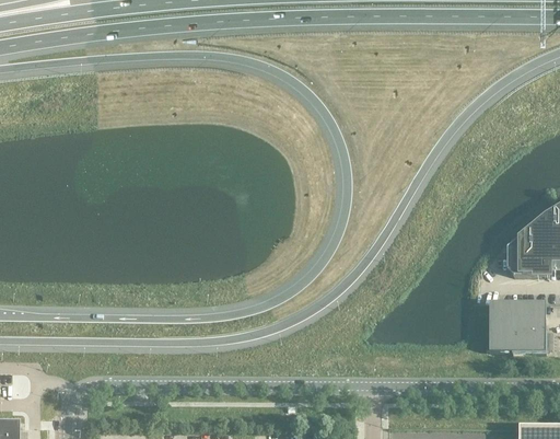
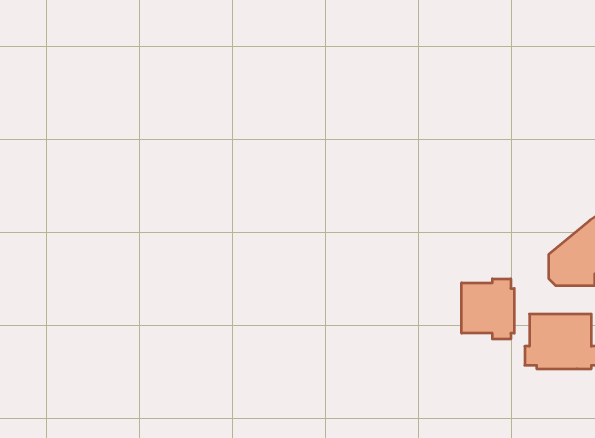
building: none -> [462,279,514,339]

